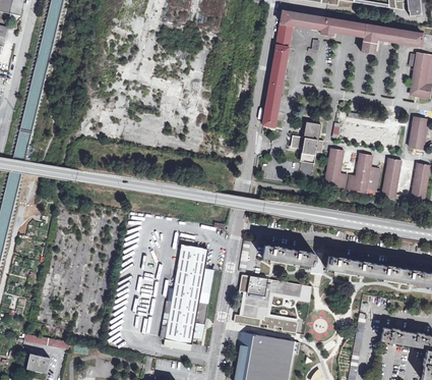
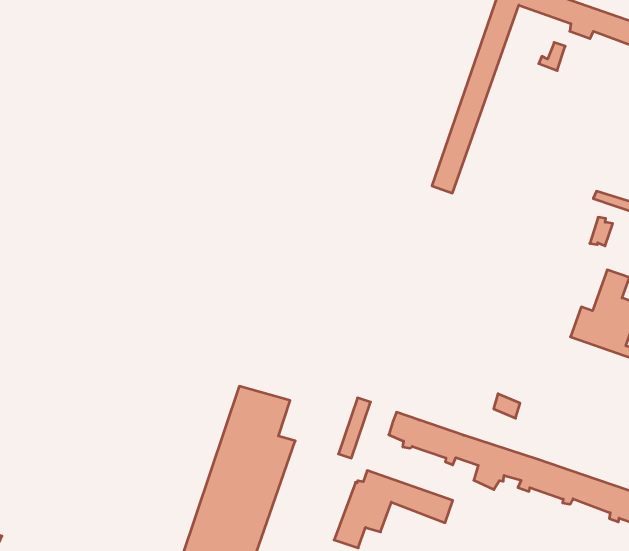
building: [291,121,323,163] -> none
building: [318,148,346,189] -> none

